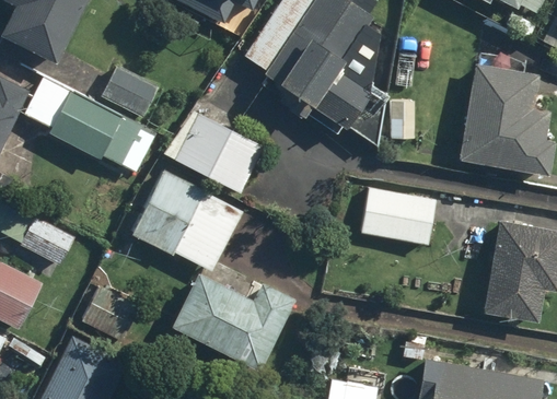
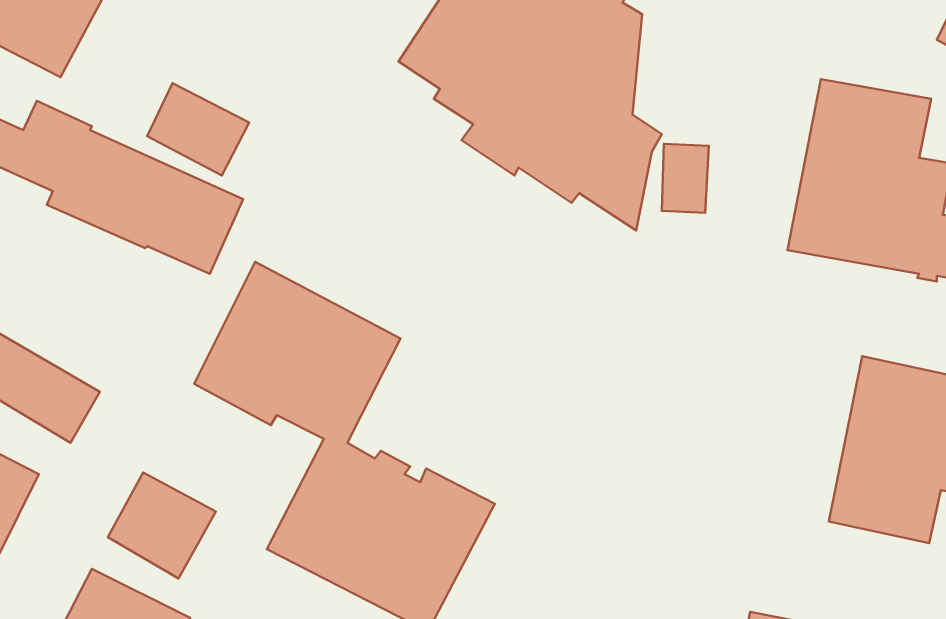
building: [163,109,263,192] -> none
building: [361,186,437,245] -> none

